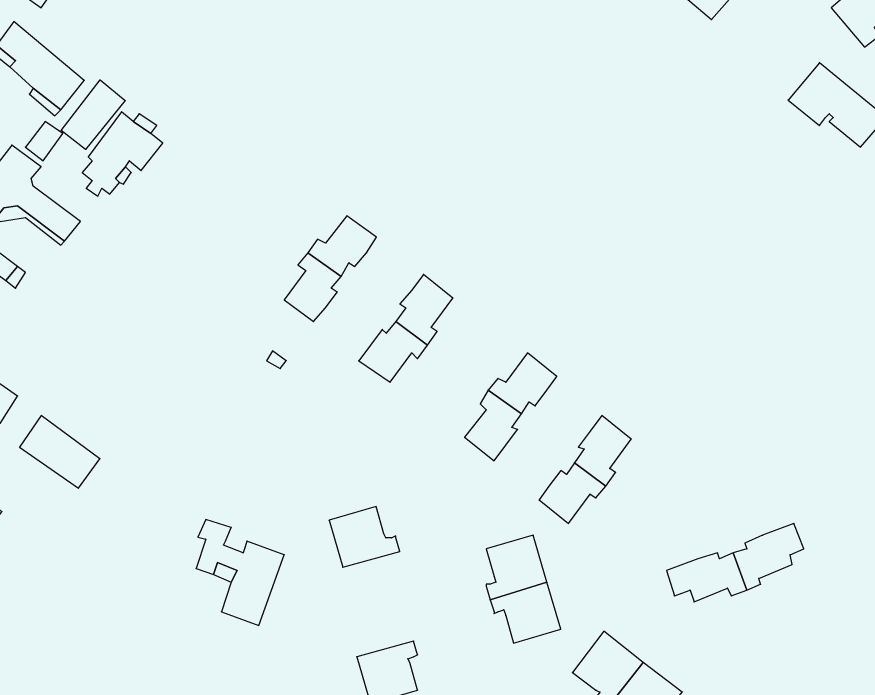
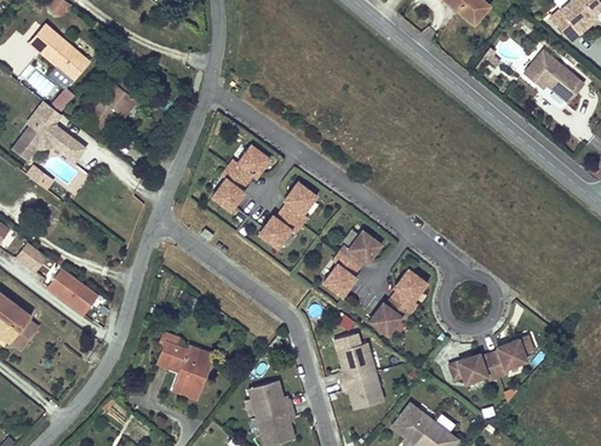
building: [61,80,125,149] -> none
building: [329,507,400,567] -> [248,379,292,417]

